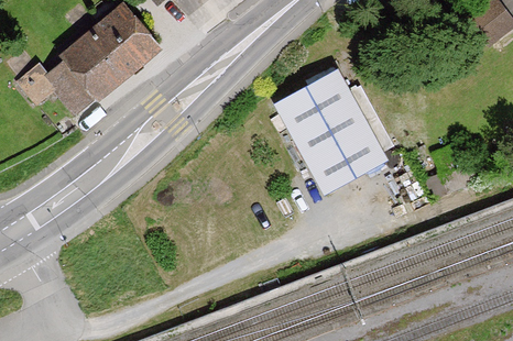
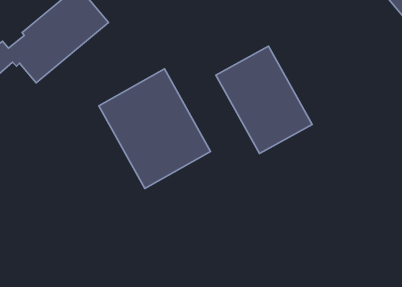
building: none -> [99,69,211,189]

